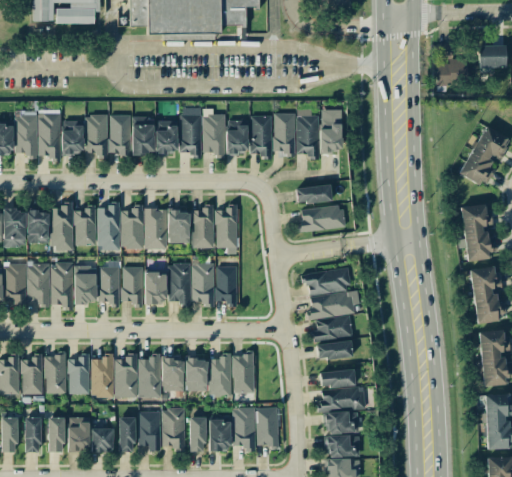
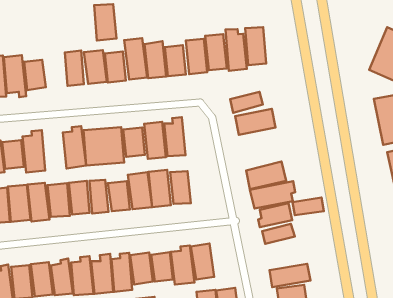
building: [85,114,108,155] -> [94,4,117,40]
building: [75,205,96,245] -> none
building: [320,370,355,387] -> [293,197,324,215]

